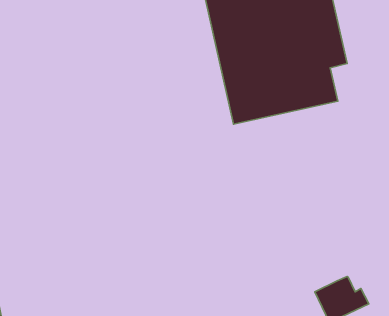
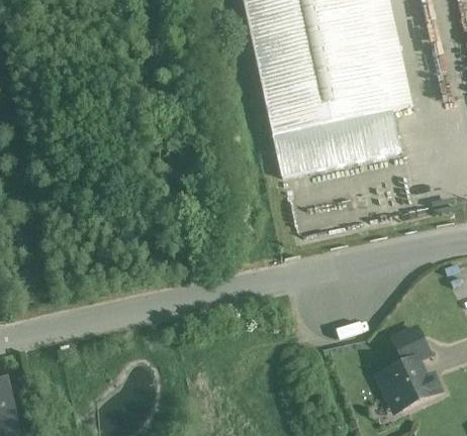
building: none -> [393,328,429,363]

